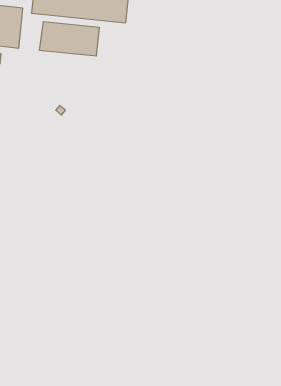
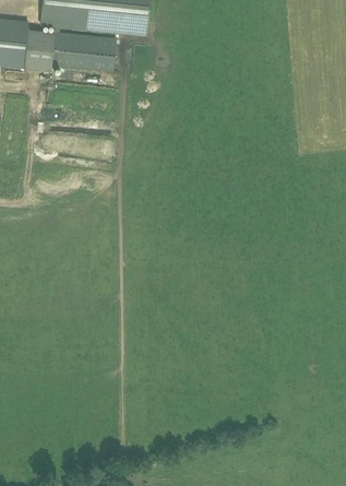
building: none -> [24,33,51,68]

